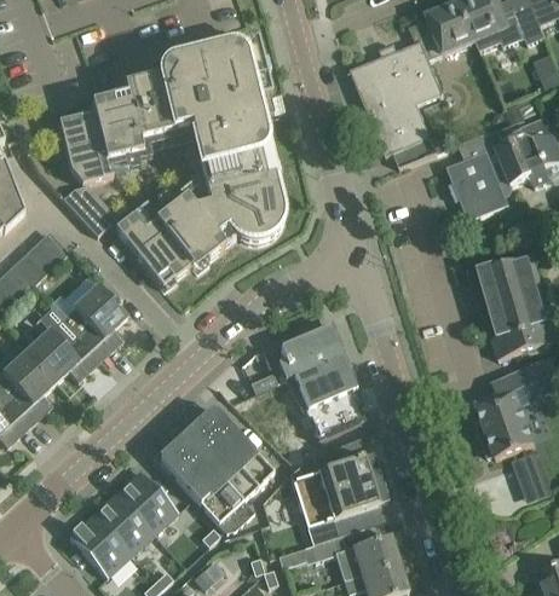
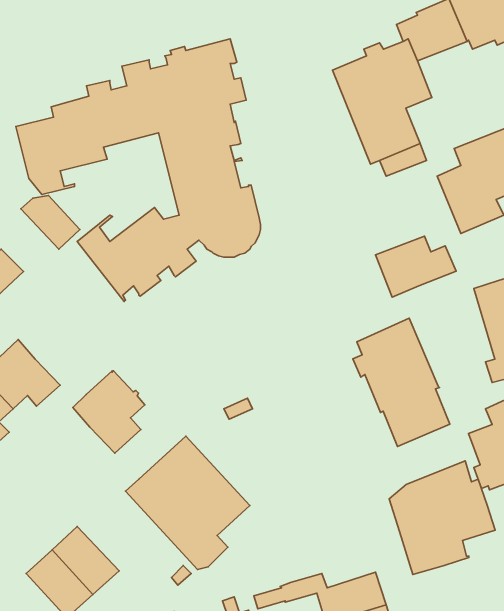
building: none -> [375,236,456,297]
building: [60,283,127,359] -> [73,371,145,453]
building: [277,323,367,441] -> [353,318,450,446]
building: [290,436,388,542] -> [389,461,495,575]
building: [115,468,177,531] -> none

